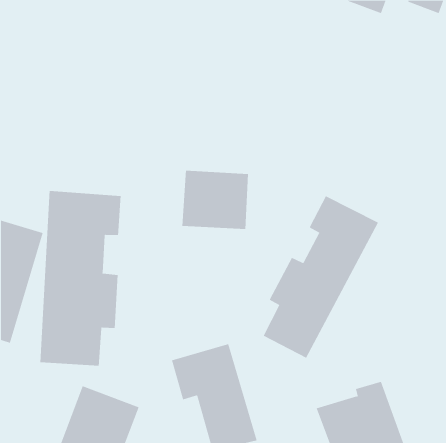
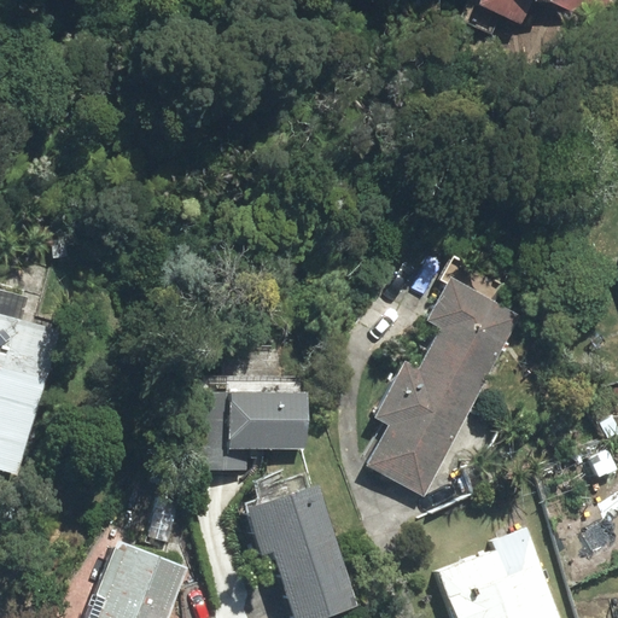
building: [182,170,249,230] -> [218,373,311,455]
building: [40,190,121,366] -> none

